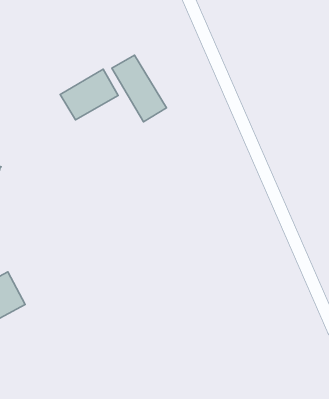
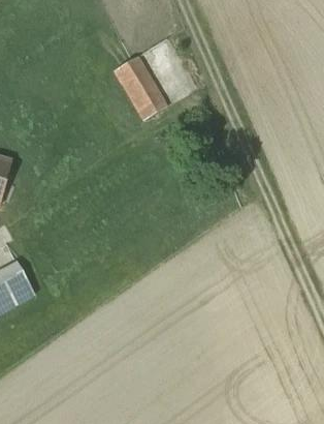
building: [60,69,118,120] -> none

